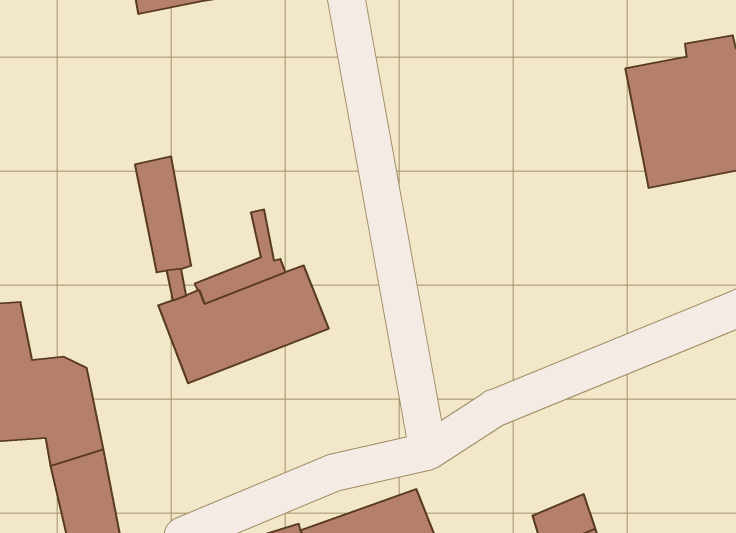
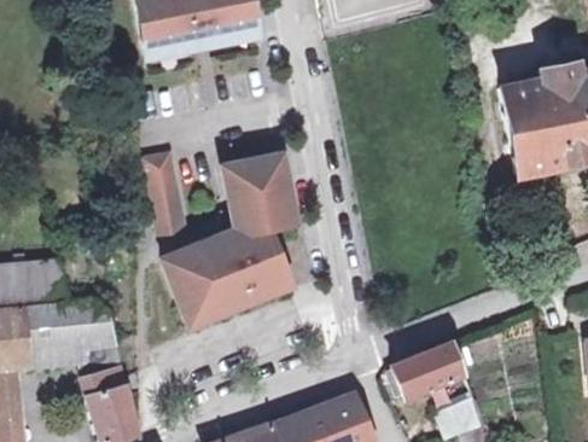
building: none -> [225,156,291,229]
building: none -> [390,343,462,395]

